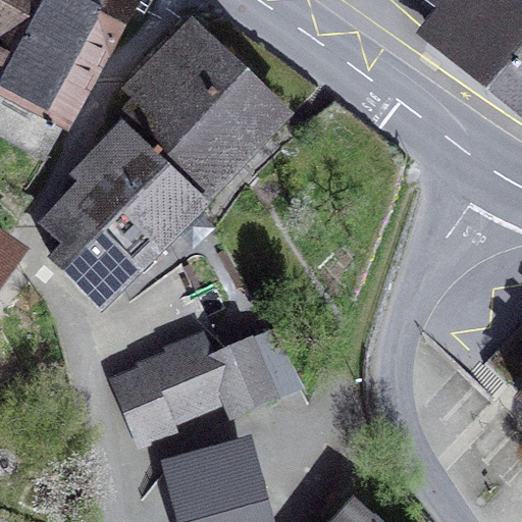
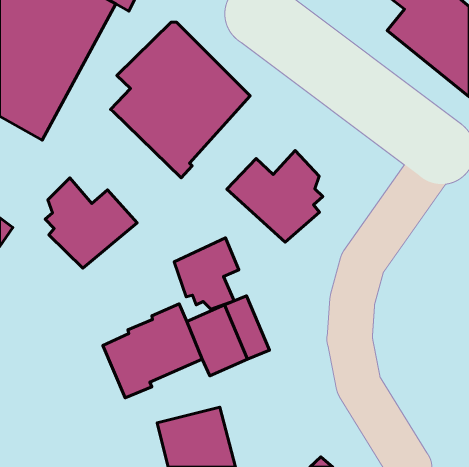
building: [77,123,204,247] -> none
building: none -> [227,151,323,242]
building: none -> [174,238,239,309]

